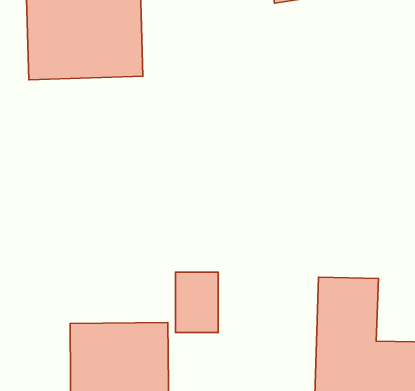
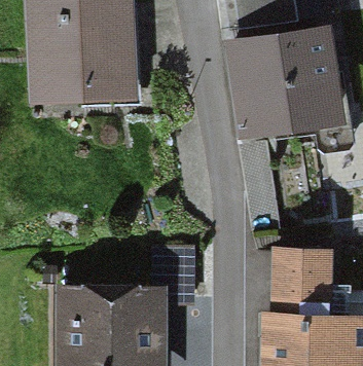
building: none -> [230,33,335,136]

